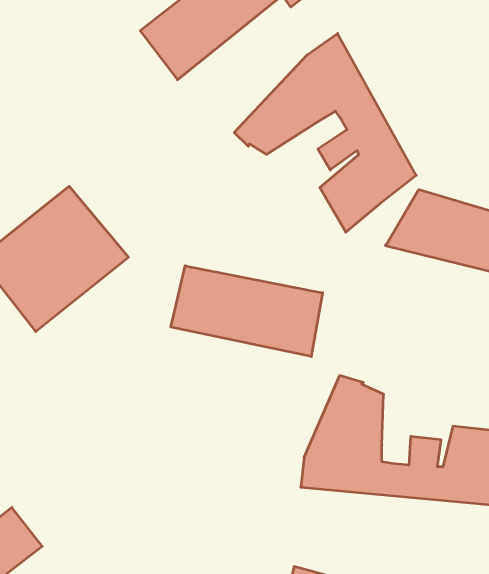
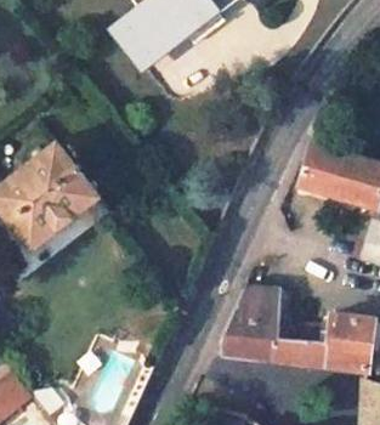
building: [234,33,416,232] -> none
building: [171,266,323,357] -> none

